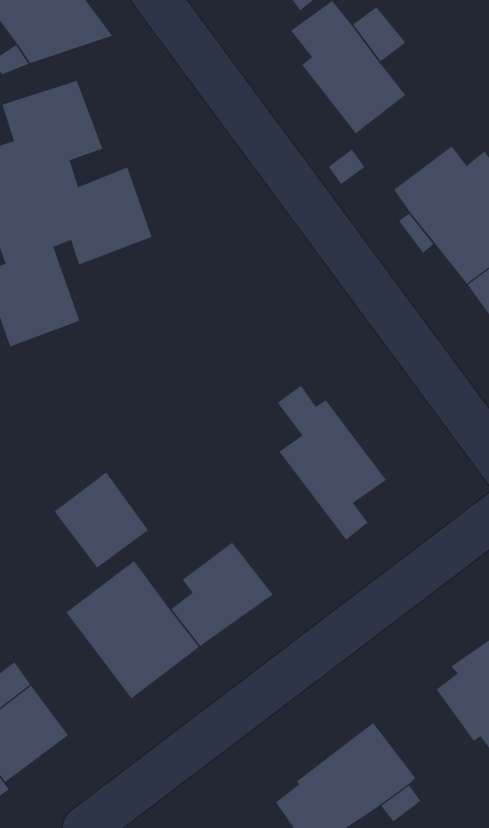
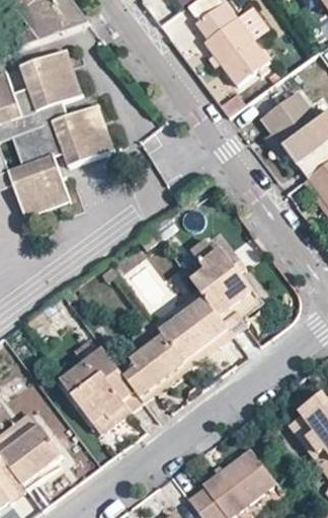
building: [54,472,149,568] -> none
building: none -> [160,297,232,368]

